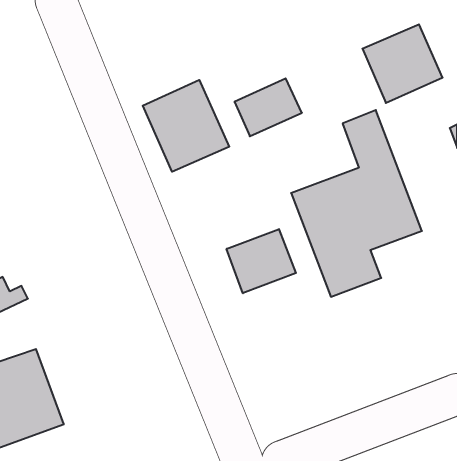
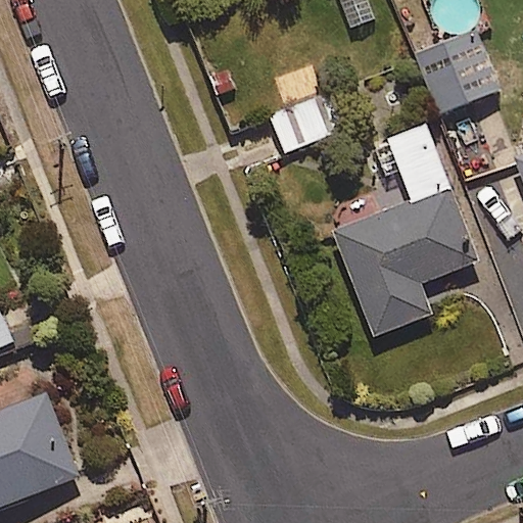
building: [143,80,229,172] -> none
building: [227,229,296,293] -> none

